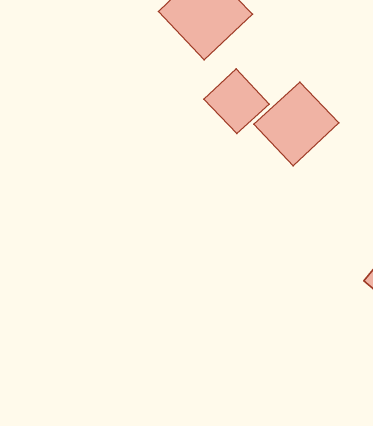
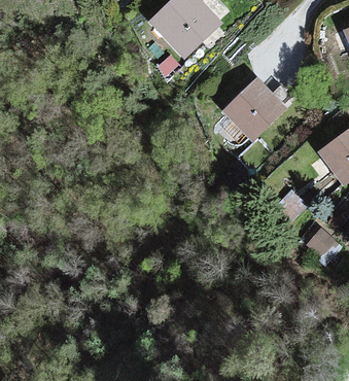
building: [204,69,269,133] -> none

